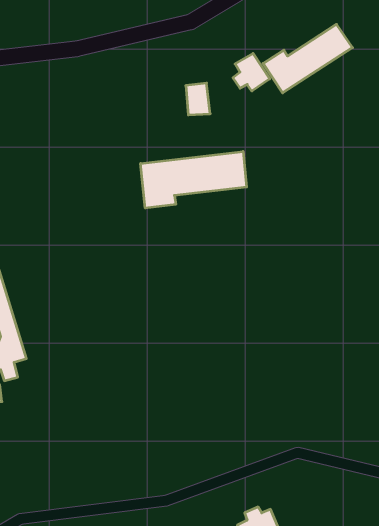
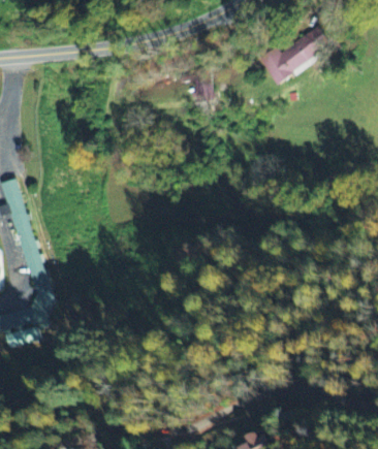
building: [233,53,270,91] -> none
building: [141,151,247,208] -> none

